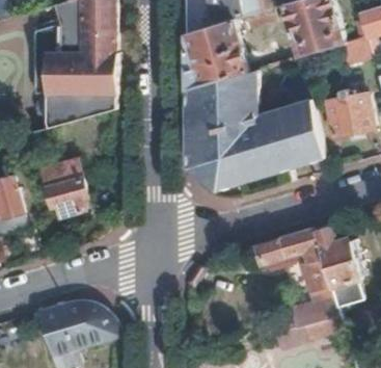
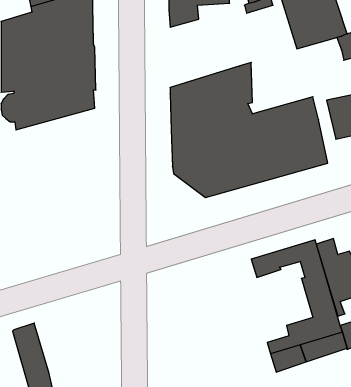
building: [185,21,248,90] -> none
building: [39,158,87,216] -> none
building: [61,300,118,350] -> none

